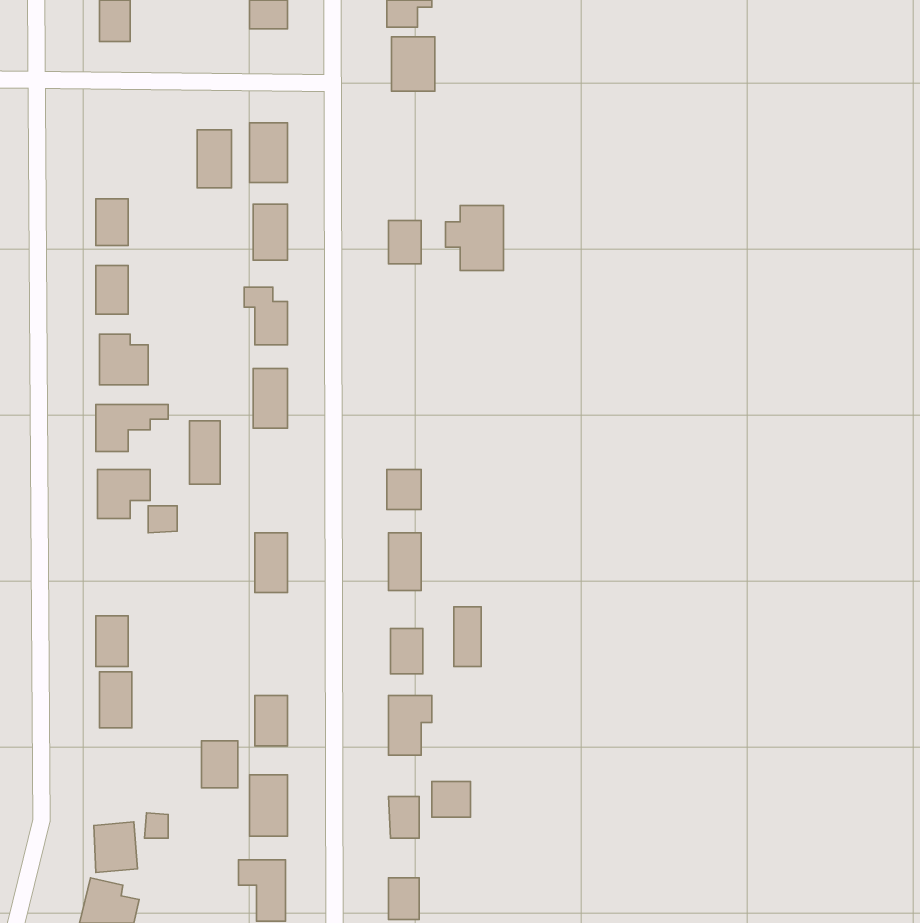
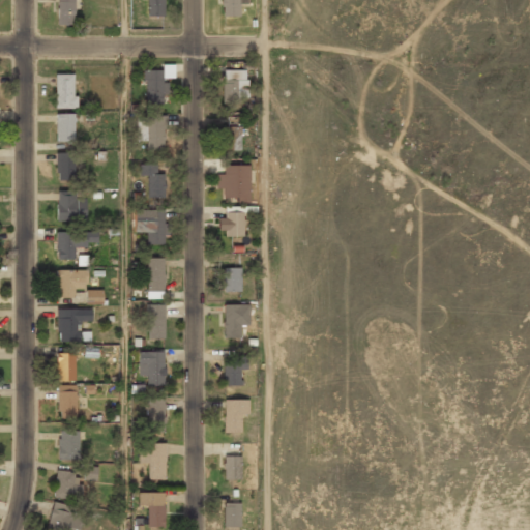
building: [392,37,435,91] -> [225,70,249,101]
building: [197,130,231,188] -> [56,75,76,108]
building: [446,206,503,271] -> [218,166,252,203]
building: none -> [220,213,246,236]
building: [189,421,220,484] -> [148,259,166,295]
building: none -> [58,310,90,338]
building: [454,607,481,667] -> none
building: none -> [141,352,165,386]
building: [202,741,238,788] -> [59,433,80,460]
building: [432,781,471,817] -> none

